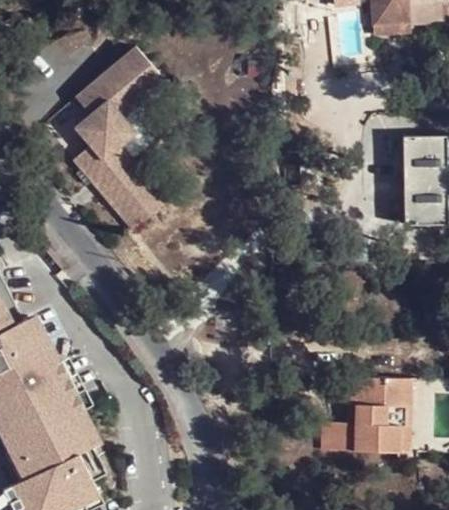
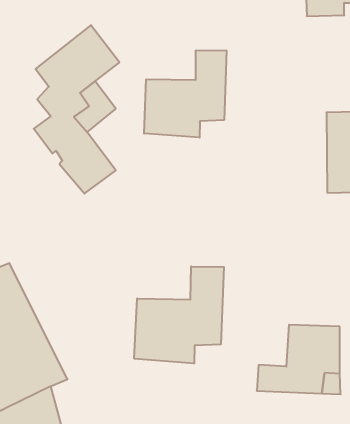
building: none -> [144,50,226,138]
building: none -> [134,266,224,364]

